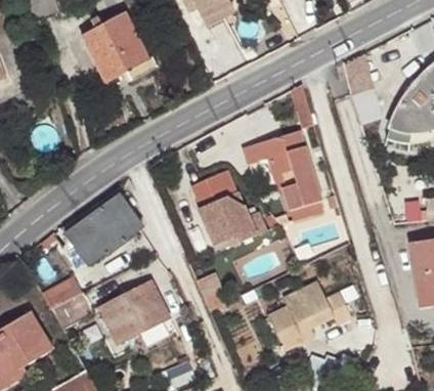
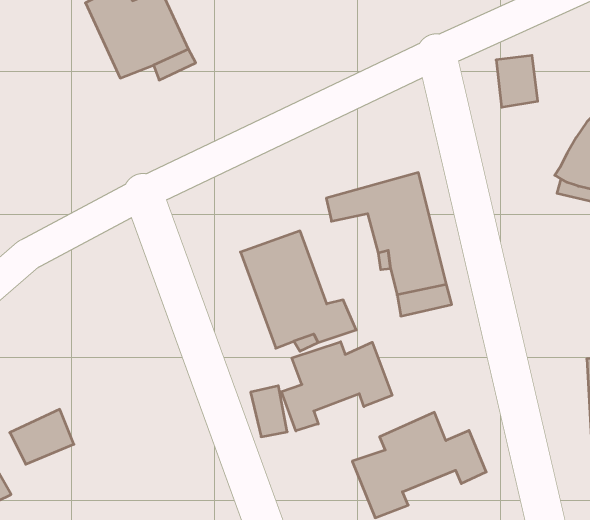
building: [68,196,142,263] -> none
building: none -> [281,342,392,431]
building: [100,279,169,341] -> none

